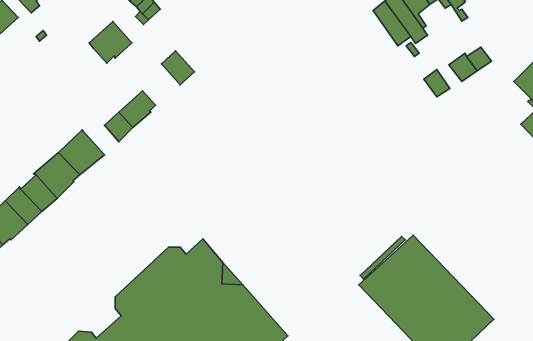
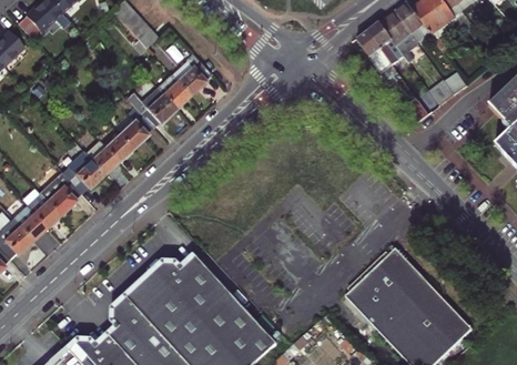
building: [89,22,132,63] -> [136,89,176,128]
building: none -> [172,53,211,97]
building: none -> [85,140,119,174]

